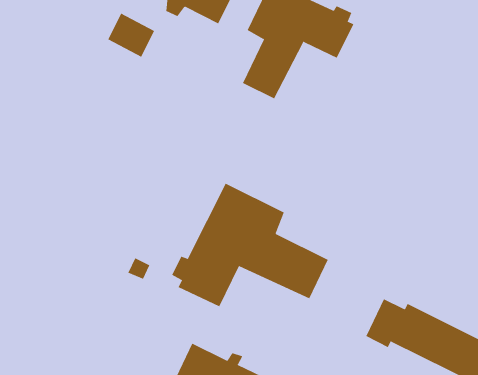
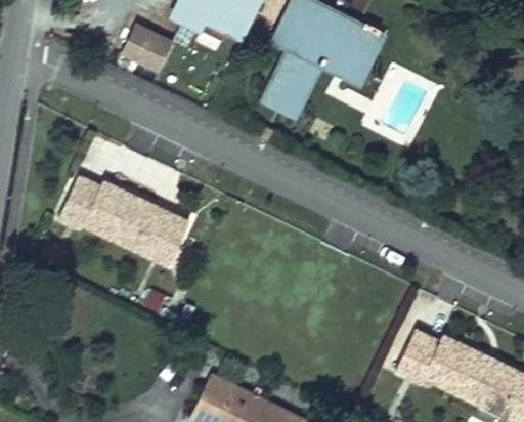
building: none -> [59,173,191,264]
building: [171,183,328,307] -> none

